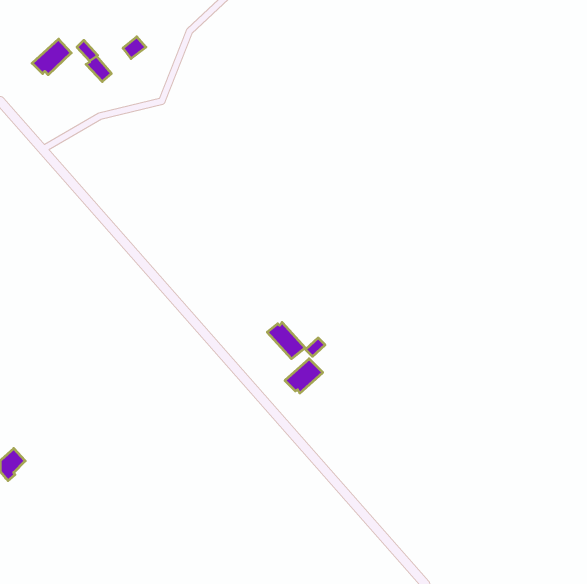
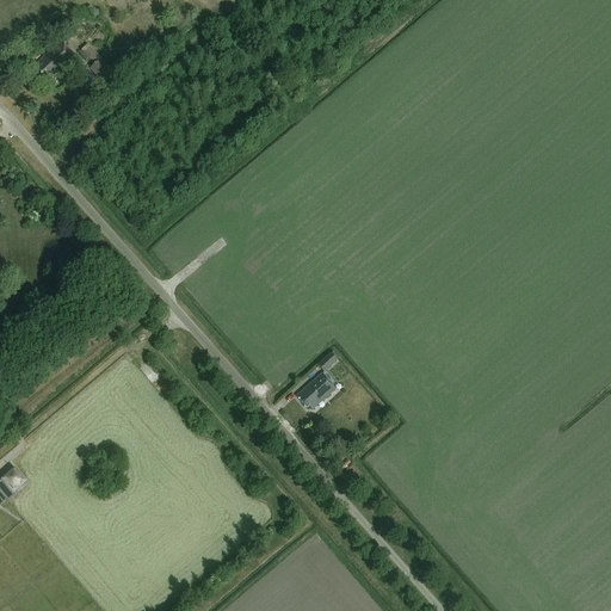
building: [267,322,305,359] -> none

